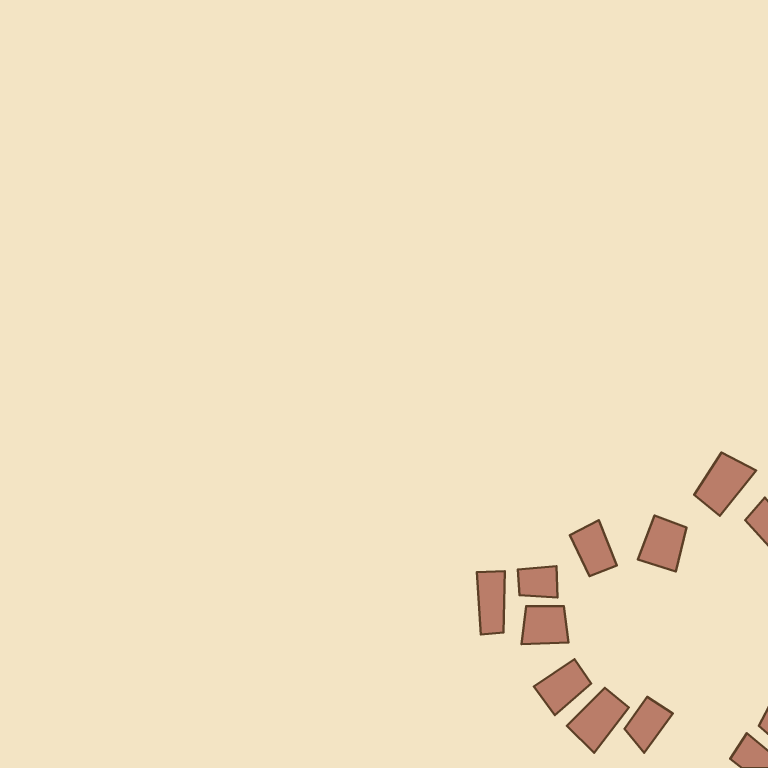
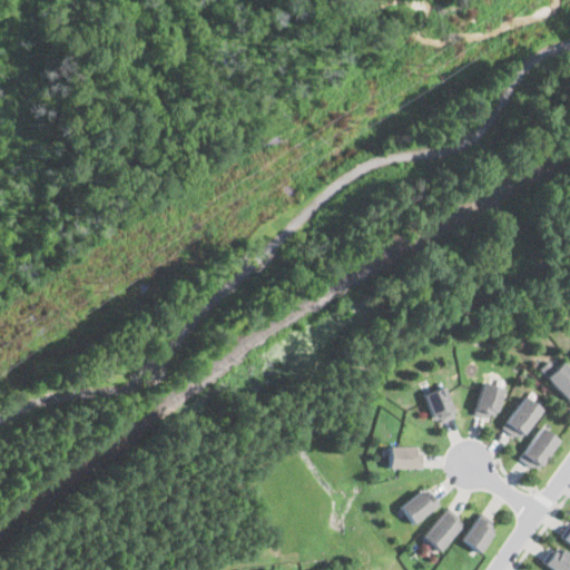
building: [694,452,756,516] -> [505,396,551,443]
building: [518,566,557,597] -> none
building: [477,571,505,635] -> none
building: none -> [520,429,561,475]

